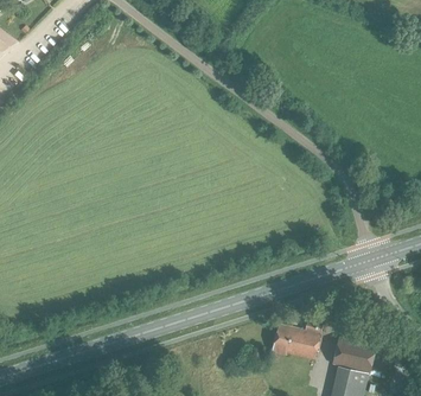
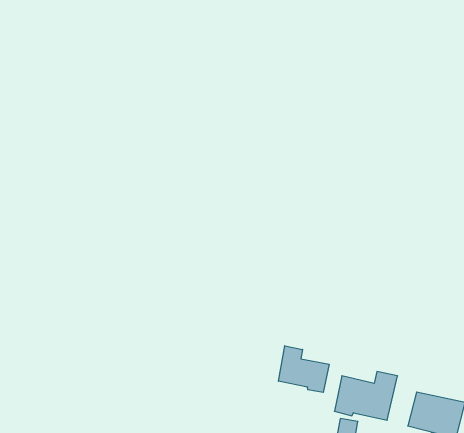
building: none -> [278,346,329,392]

